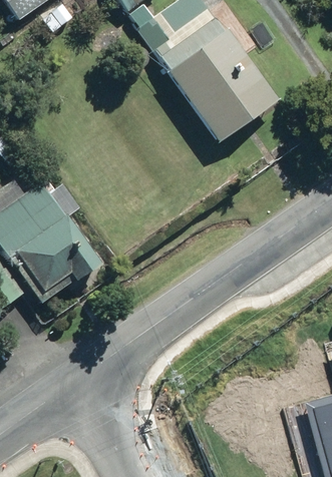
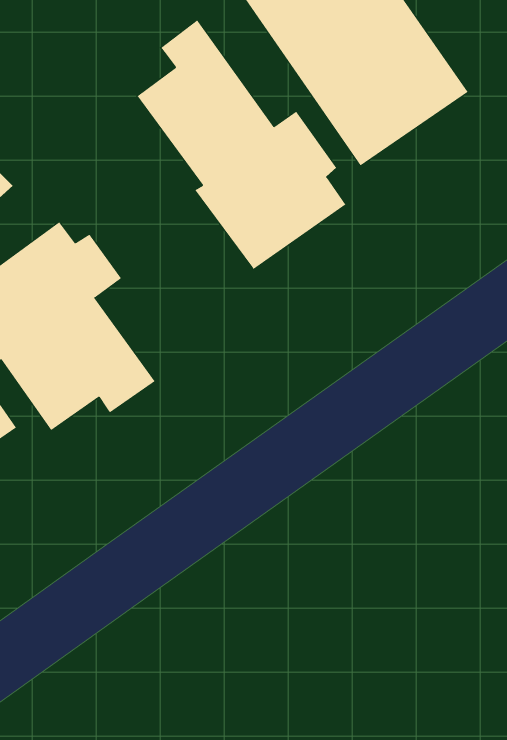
building: none -> [137,20,346,270]

